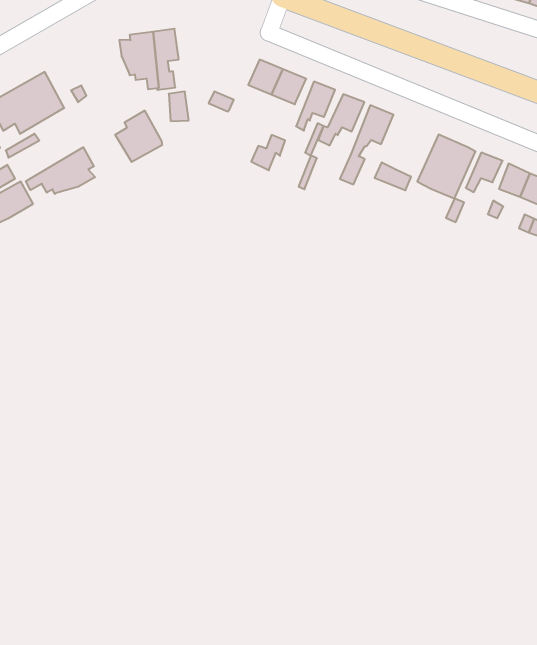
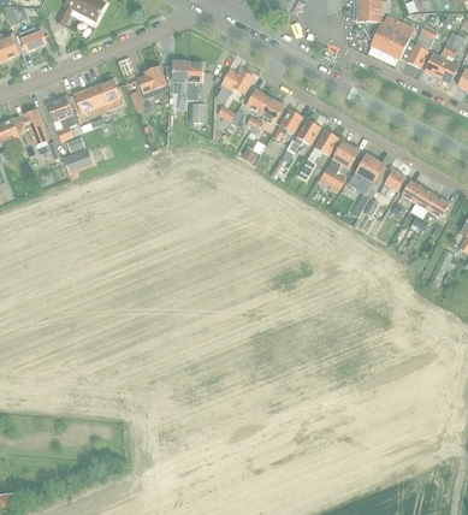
building: none -> [215,69,253,102]
building: [115,111,162,162] -> [136,65,166,97]
building: none -> [326,140,359,173]
building: [26,147,95,194] -> none

